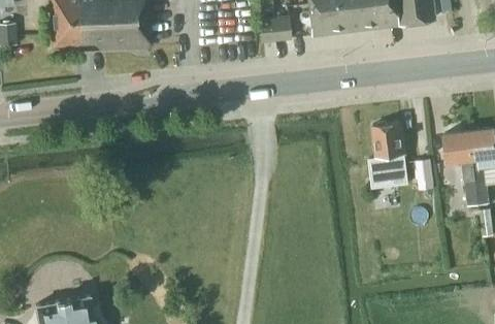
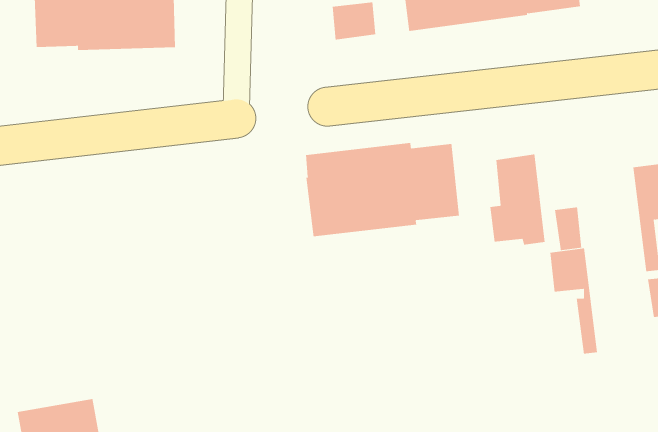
building: none -> [305,142,460,237]
building: [444,132,478,206] -> [549,248,598,354]

